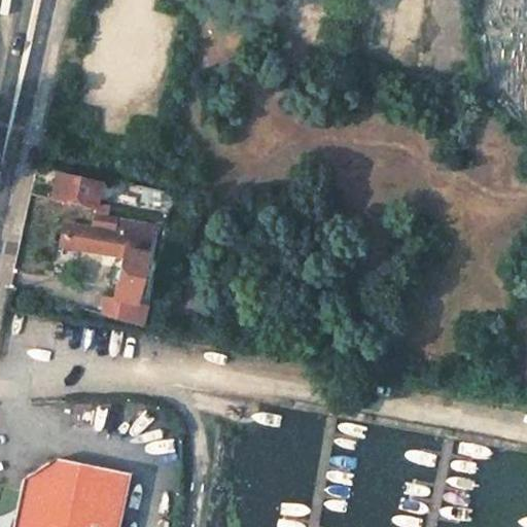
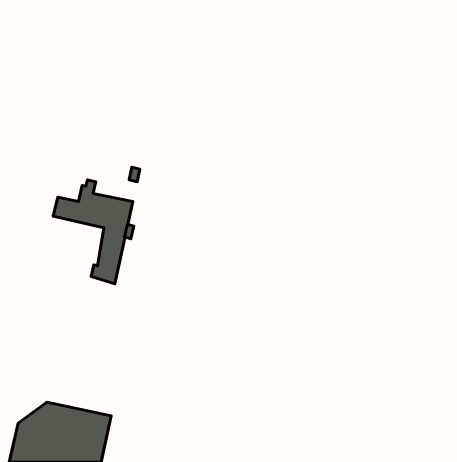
building: [35,172,104,208] -> none

